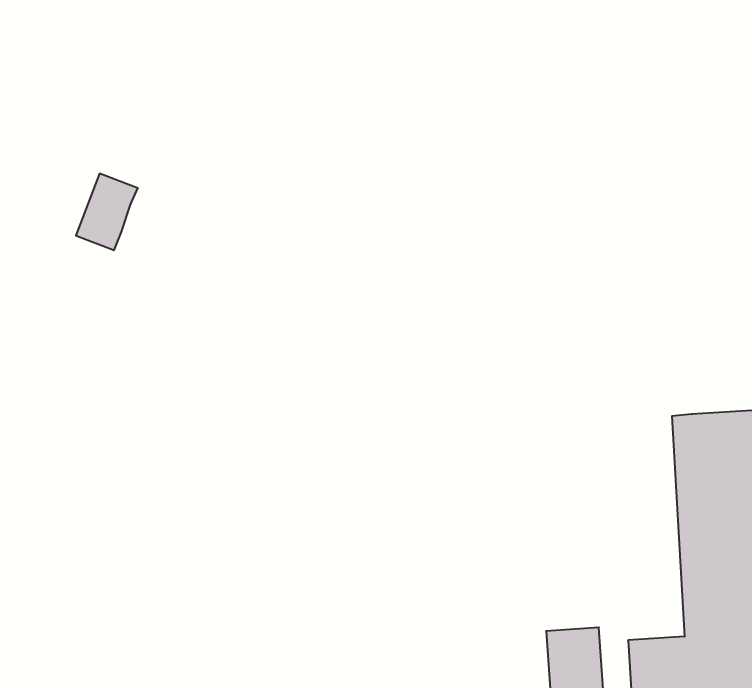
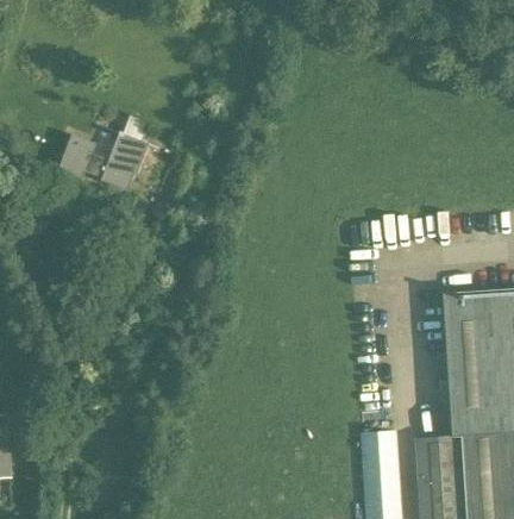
building: none -> [83,133,146,193]

